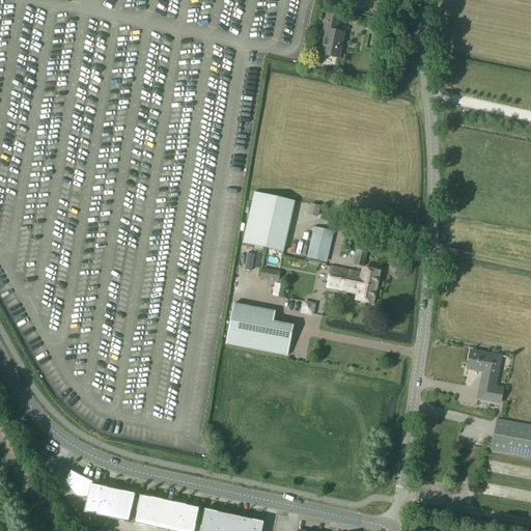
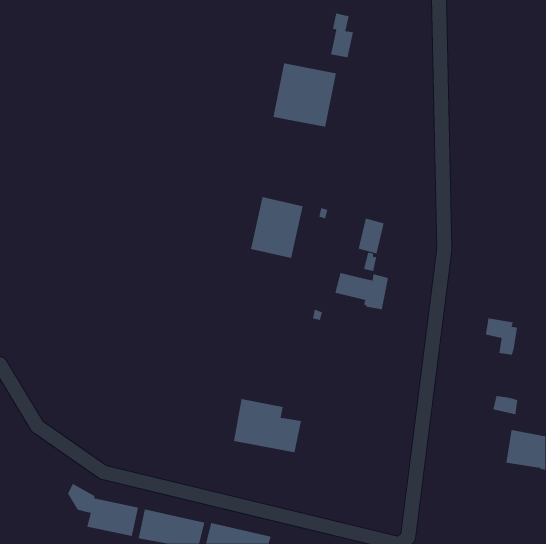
building: none -> [273,62,336,128]
building: [307,224,333,259] -> [358,218,385,254]
building: [226,302,292,355] -> [233,398,302,453]
building: [468,350,500,386] -> [485,318,518,355]

